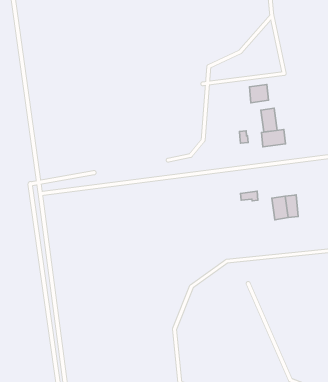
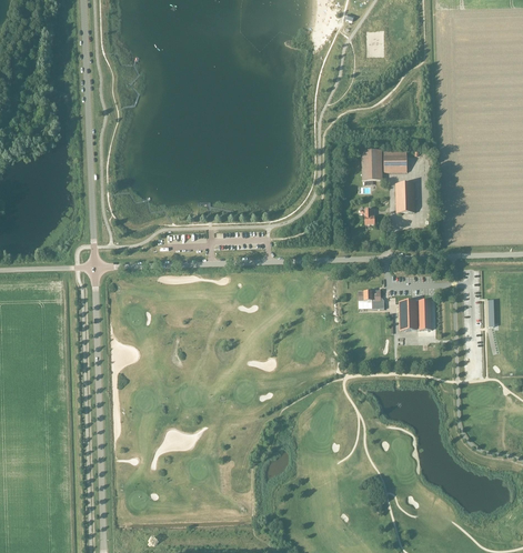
building: none -> [361,151,382,179]
building: [261,130,285,147] -> none

